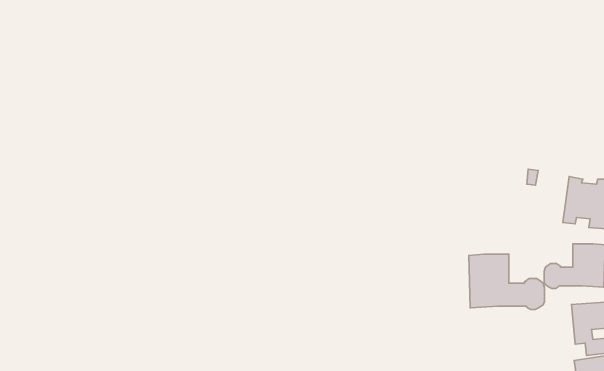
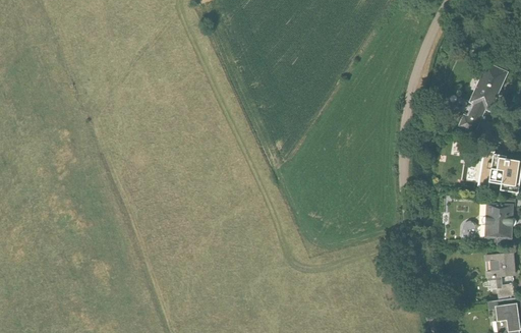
building: none -> [460,62,510,132]
building: [469,254,545,309] -> none

